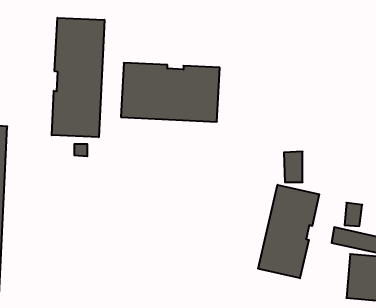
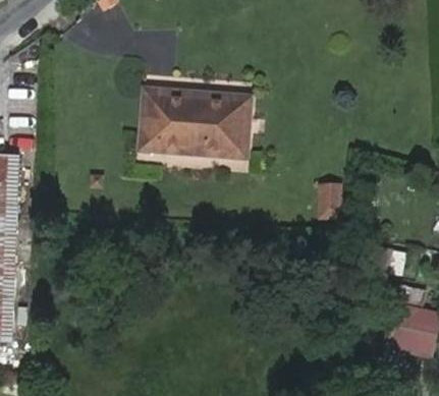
building: [52,18,104,137] -> none
building: [258,185,319,278] -> none

